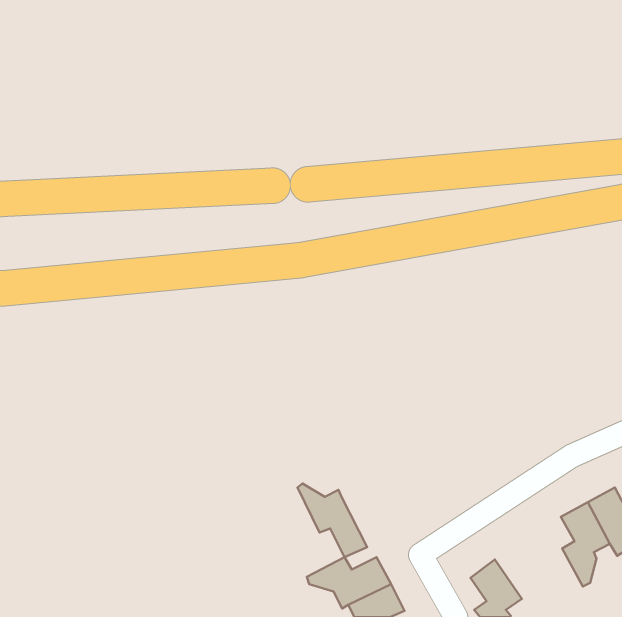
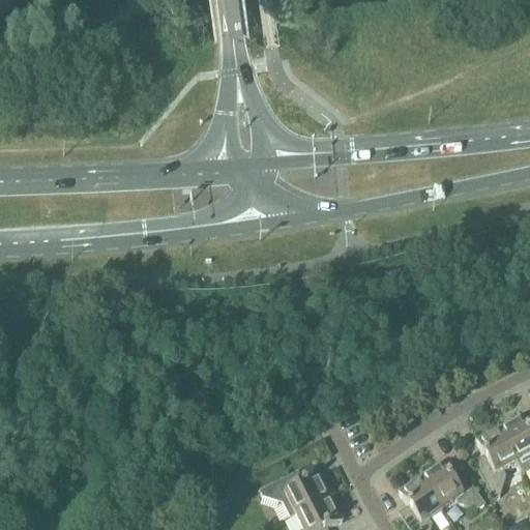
building: [297,483,367,557] -> none
building: none -> [421,460,488,507]

